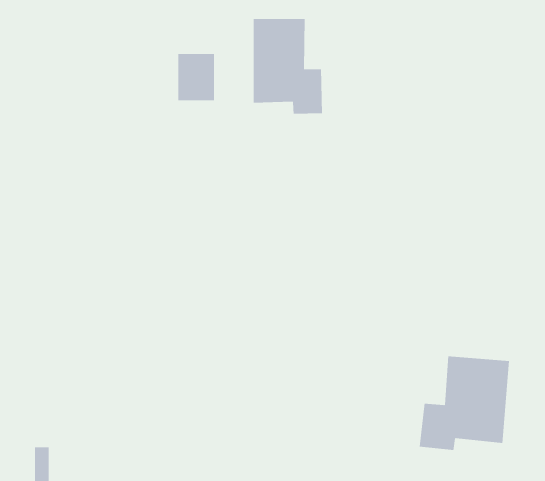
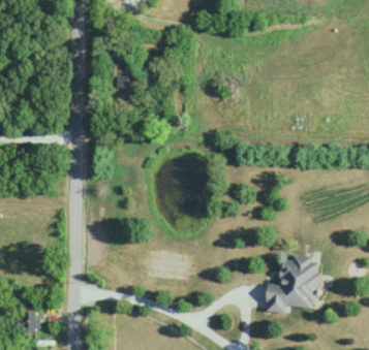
building: [253,18,323,114] -> none

